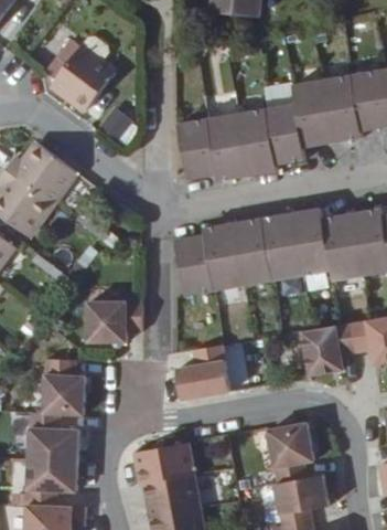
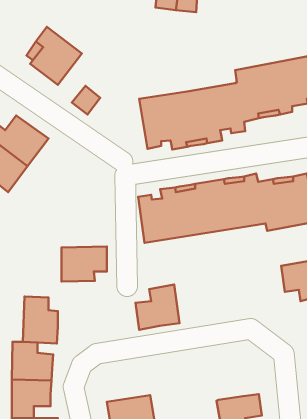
building: [302,322,355,375] -> none
building: [268,428,314,483] -> none
building: [133,441,194,486] -> none

